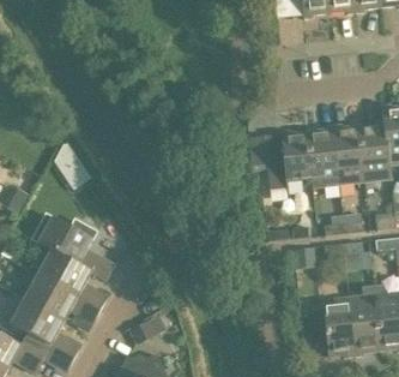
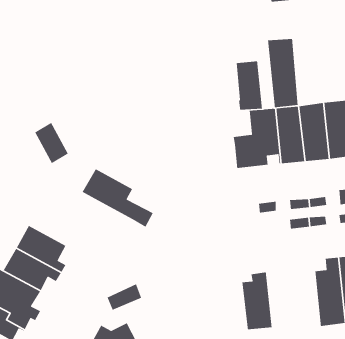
building: none -> [267,38,299,108]
building: none -> [236,60,263,111]
building: [38,217,114,280] -> [82,168,154,228]
building: [324,298,356,359] -> [241,272,272,330]

